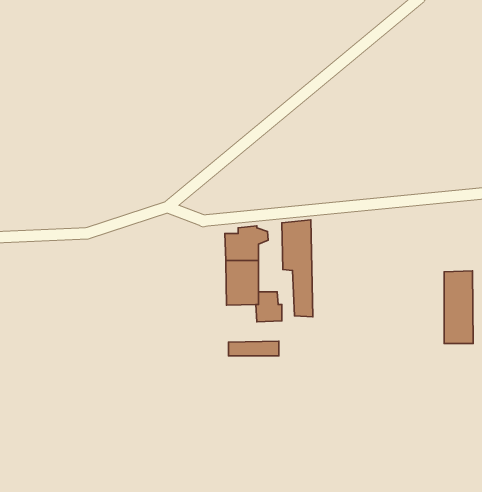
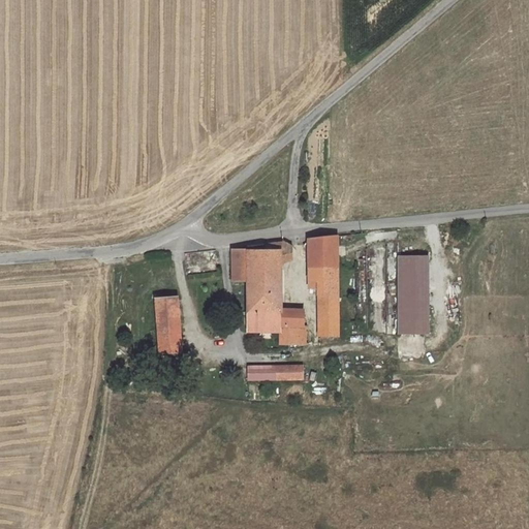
building: none -> [229,250,246,282]
building: [444,271,473,343] -> [399,254,430,332]
building: none -> [150,297,181,352]

